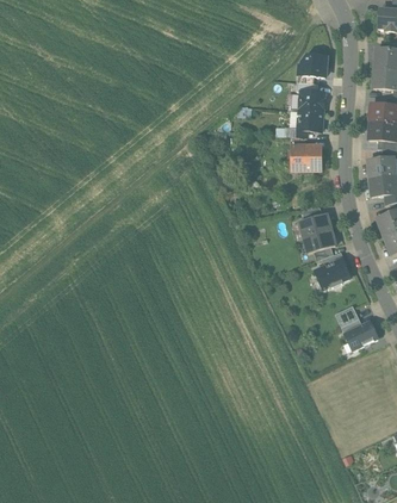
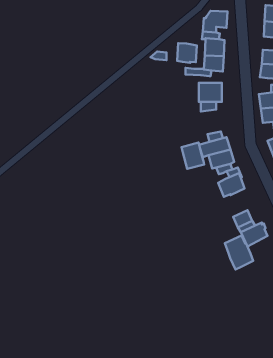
building: none -> [177,43,197,63]
building: none -> [182,143,204,169]
building: none -> [225,235,253,270]

